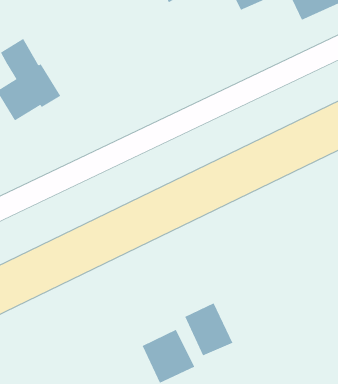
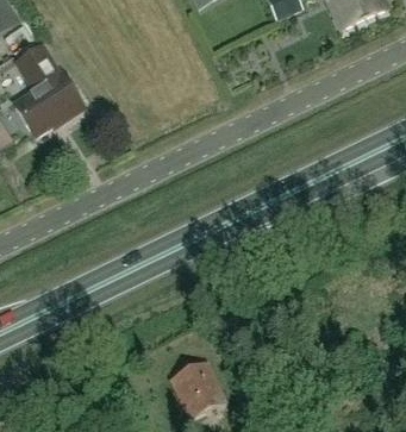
building: [185,303,233,356] -> none

